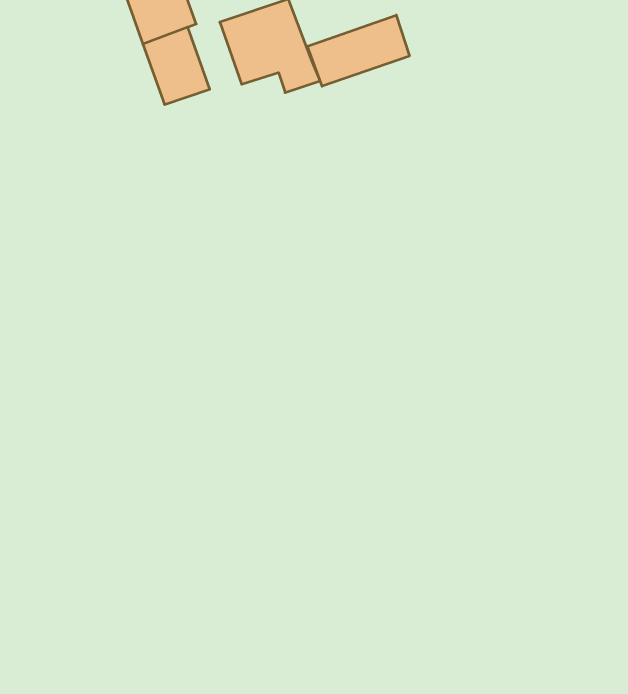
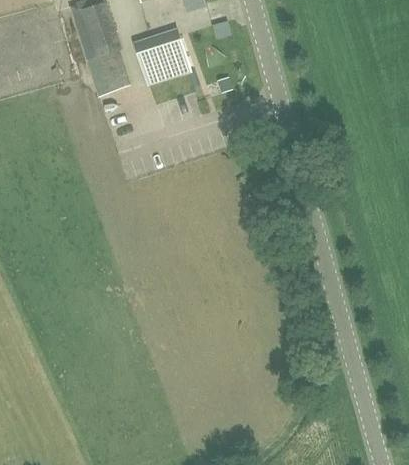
building: [308,15,409,86] -> none

